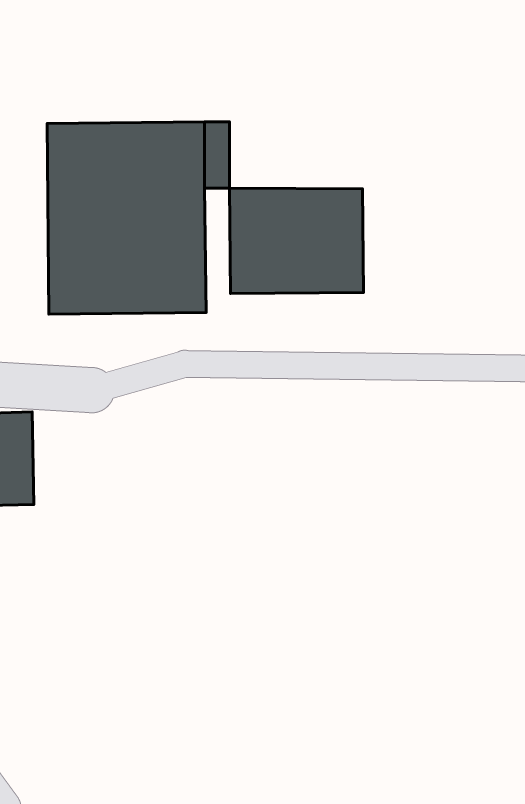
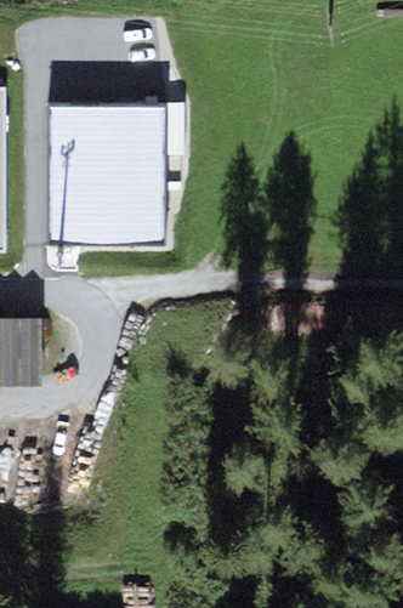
building: [229,188,364,293] -> none

